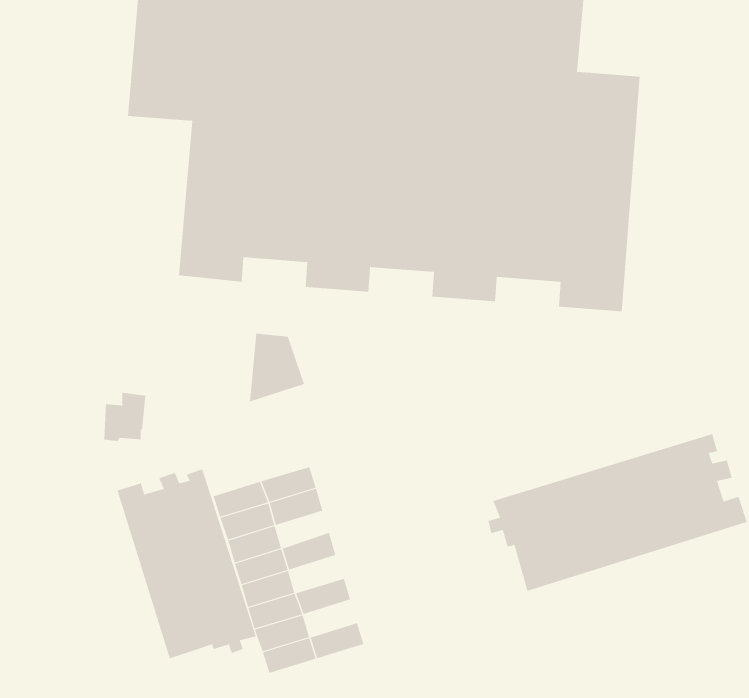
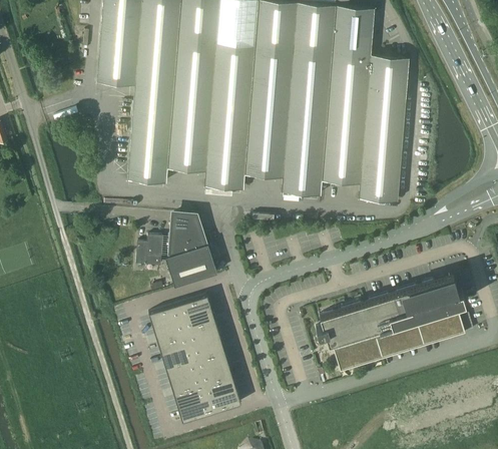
building: none -> [165,245,216,287]
building: [104,392,146,442] -> [136,236,162,266]
building: [117,469,256,659] -> none
building: none -> [186,323,219,346]
building: none -> [194,350,228,373]
building: none -> [203,377,236,400]

